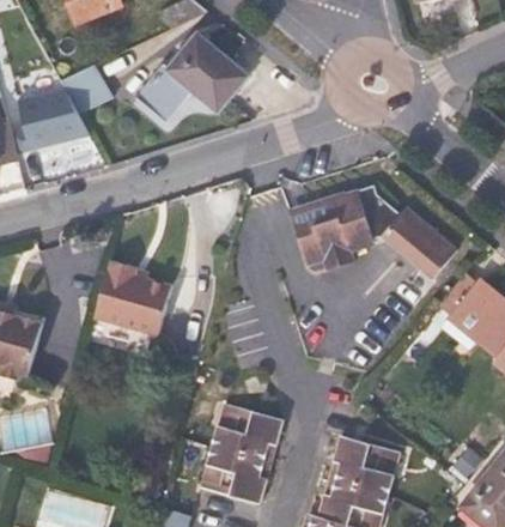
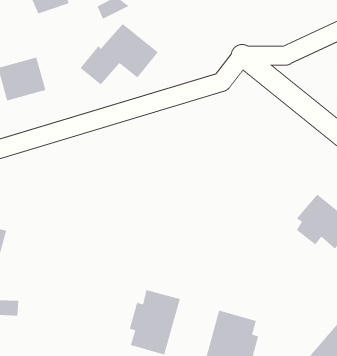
building: [296,189,464,286] -> none
building: [95,261,172,335] -> none

